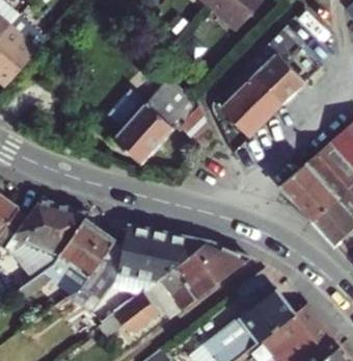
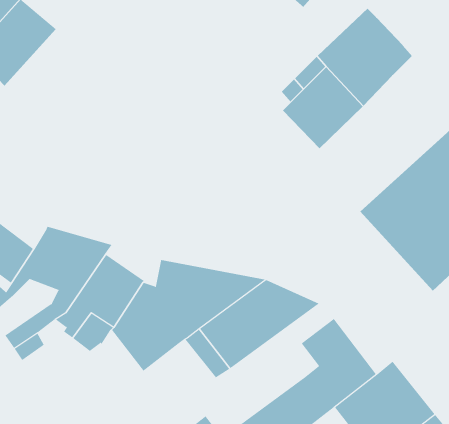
building: [113,69,213,163] -> none
building: [112,290,157,335] -> none

